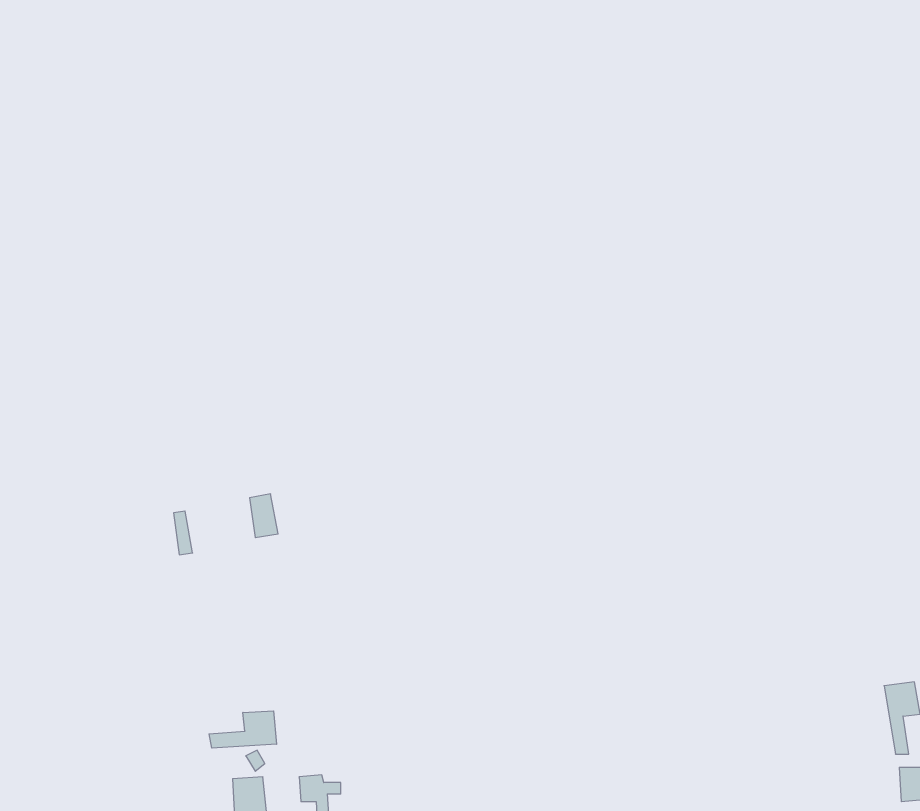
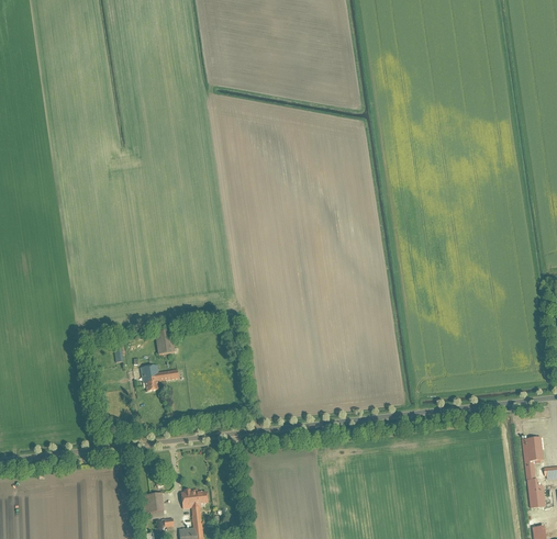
building: none -> [142,367,178,391]
building: [209,711,277,748] -> none

